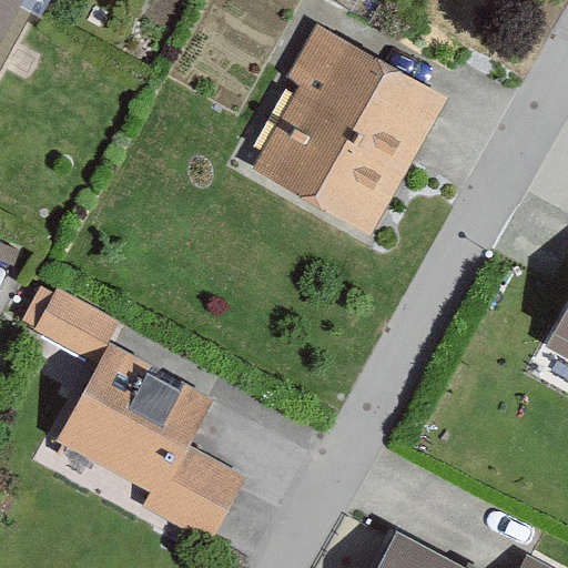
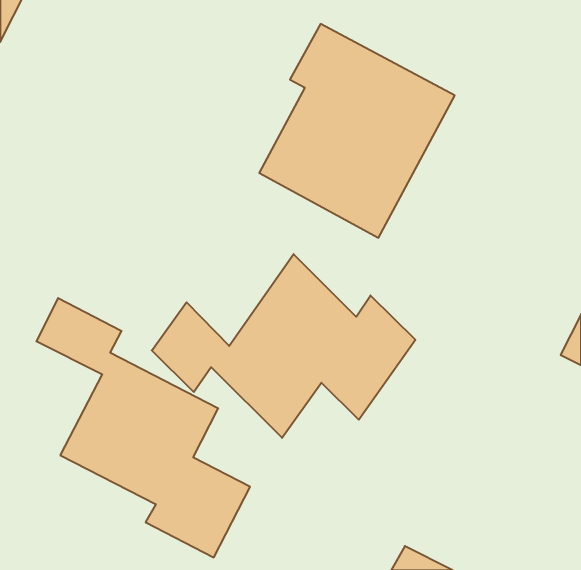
building: none -> [152,254,415,438]

